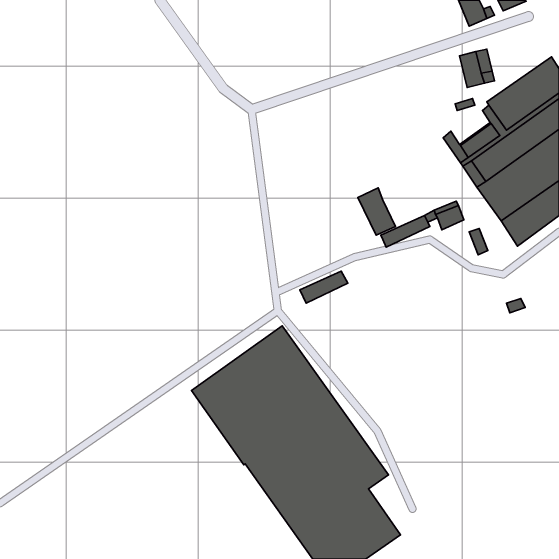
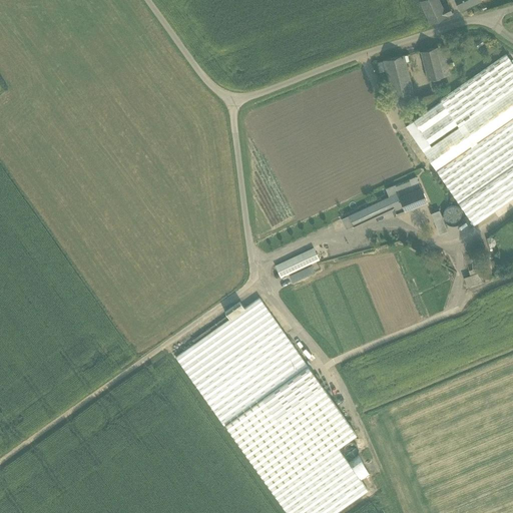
building: none -> [384,56,412,95]
building: none -> [413,101,449,132]
building: [358,188,395,235] -> none

